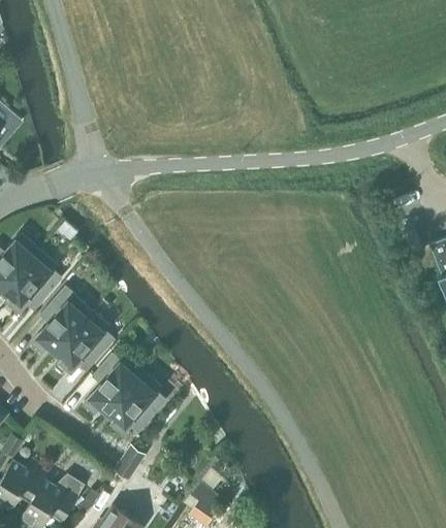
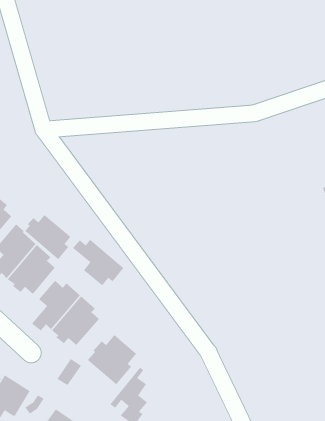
building: none -> [24,214,71,260]
building: none -> [72,239,124,286]
building: none -> [87,334,137,385]

